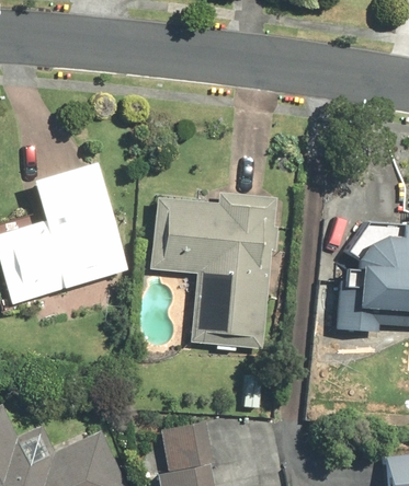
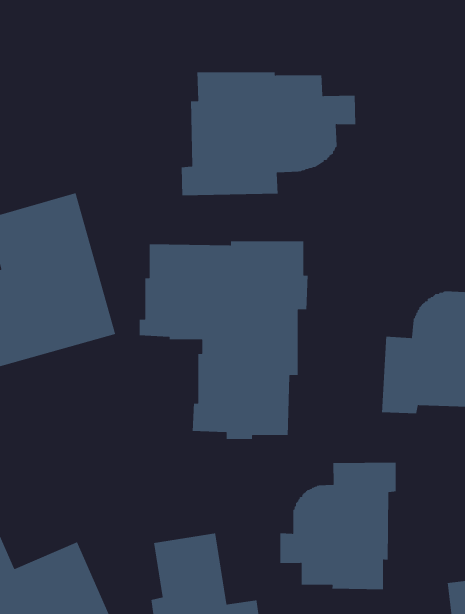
building: none -> [181,71,356,196]
building: none -> [279,462,397,590]

